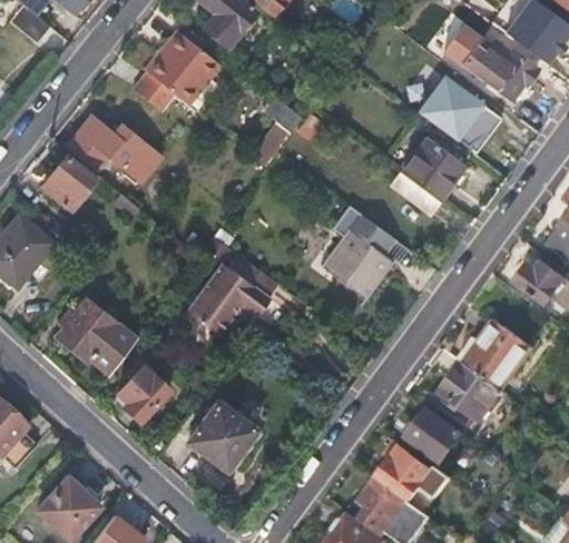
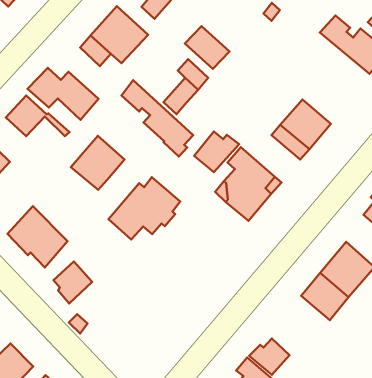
building: none -> [185,26,229,69]
building: [419,78,499,151] -> none
building: none -> [121,80,193,157]
building: none -> [194,132,239,172]
building: none -> [71,136,125,190]
building: [190,402,257,470] -> none
building: [408,407,460,458] -> none

